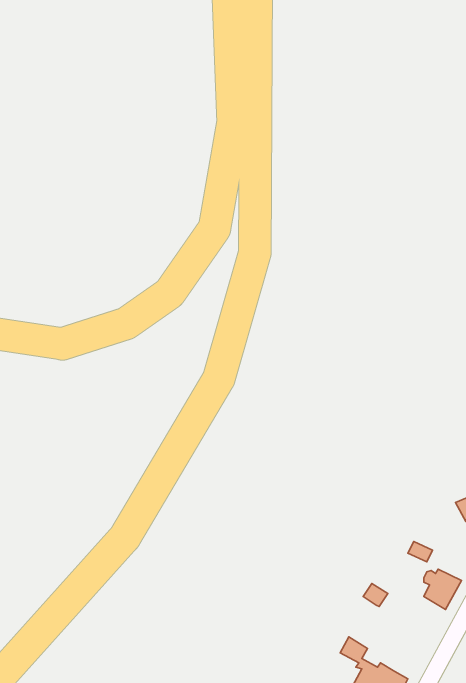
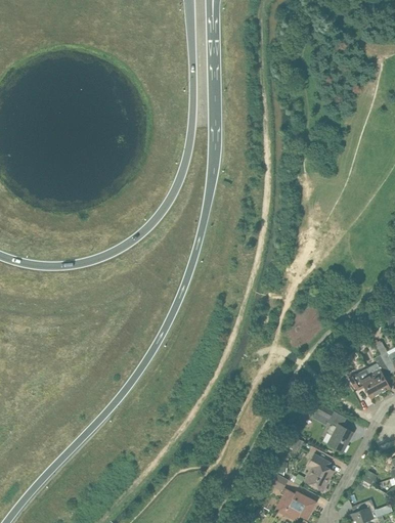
building: none -> [305,454,333,490]

